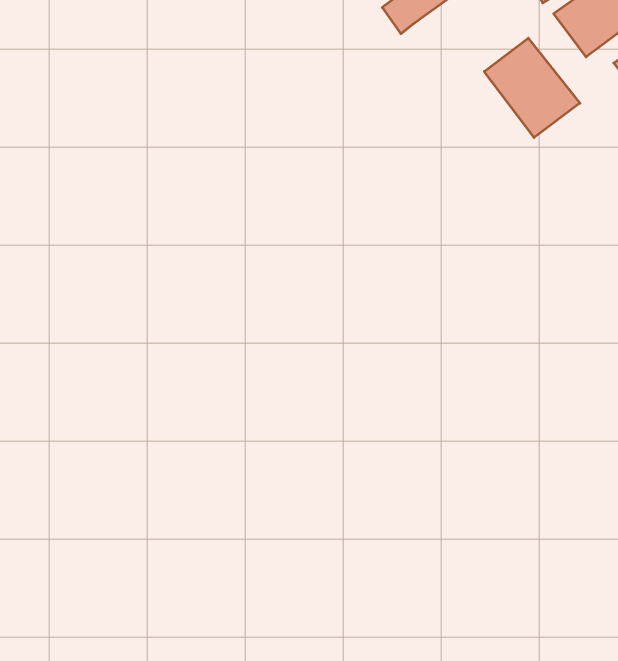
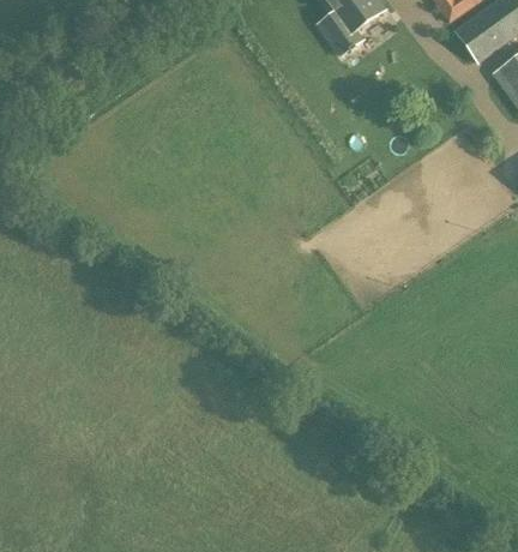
building: [484,38,580,138] -> none

